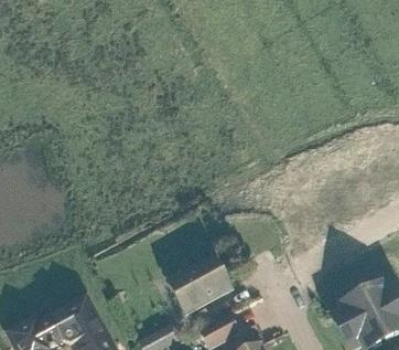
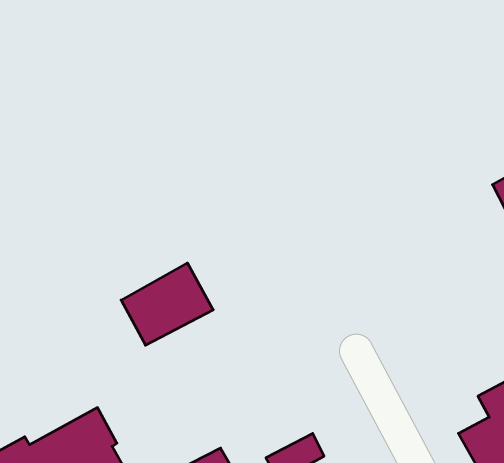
building: [169,254,231,310] -> [121,263,213,345]

